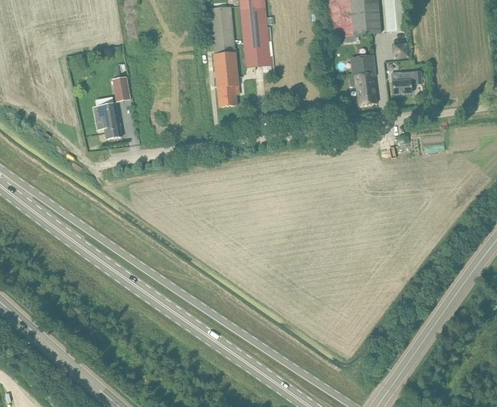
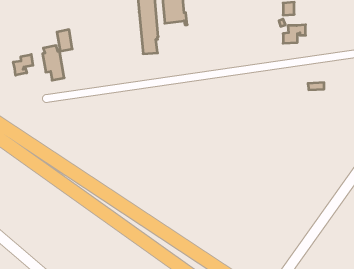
building: [349,54,377,104] -> none
building: none -> [13,54,33,75]

